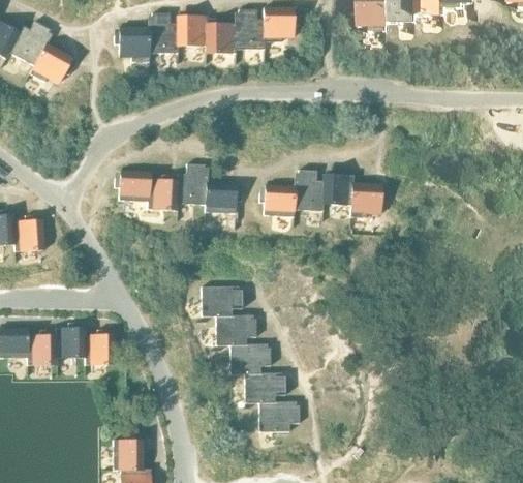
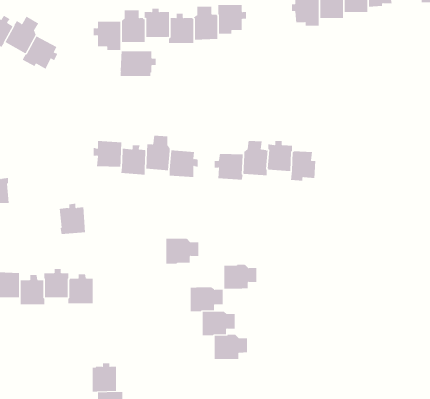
building: none -> [120,50,156,77]
building: [13,214,45,251] -> [59,203,86,234]
building: [216,314,256,344] -> [223,264,257,289]

